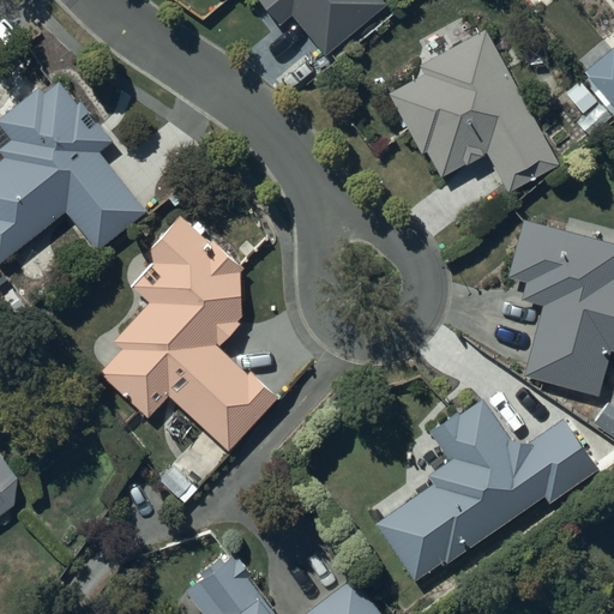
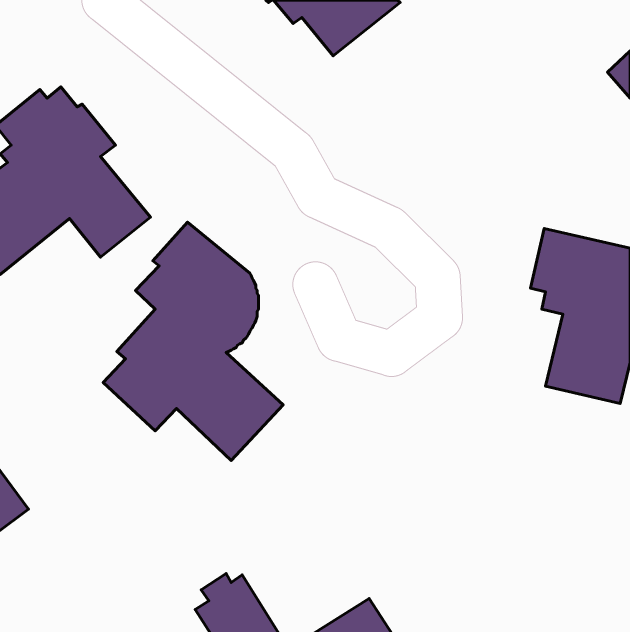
building: [390,31,555,191] -> none
building: [374,403,597,582] -> none

